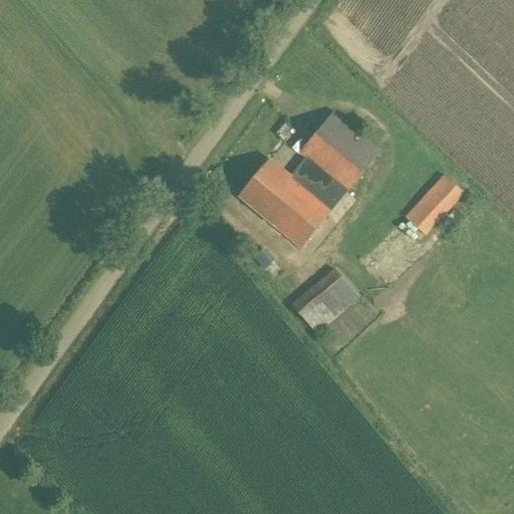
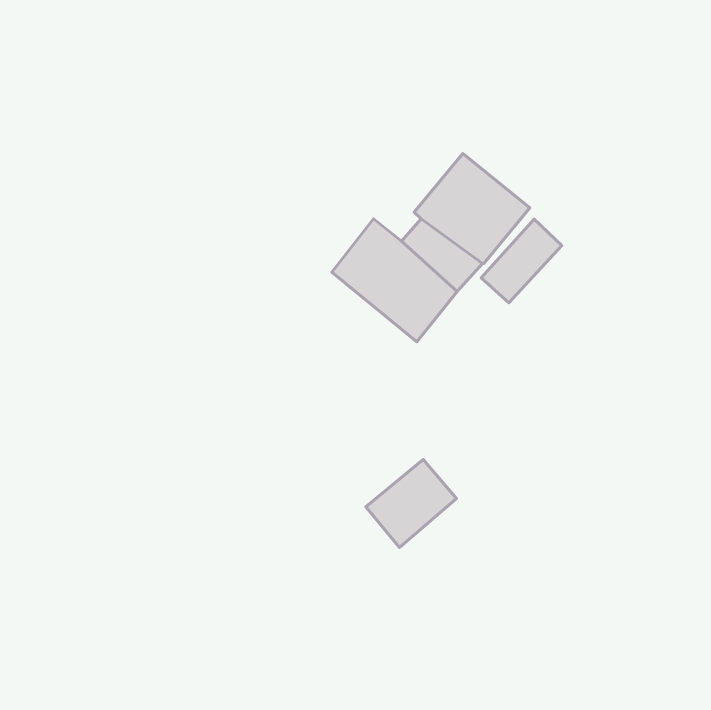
building: [405,174,463,234] -> [481,219,562,303]
building: [292,269,357,332] -> [366,460,457,547]

